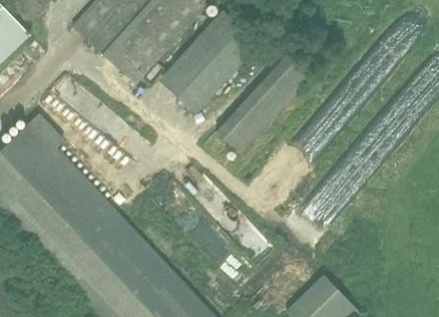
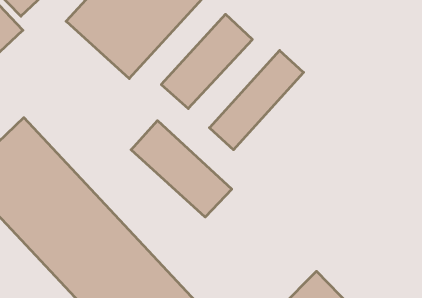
building: none -> [131,121,232,217]

